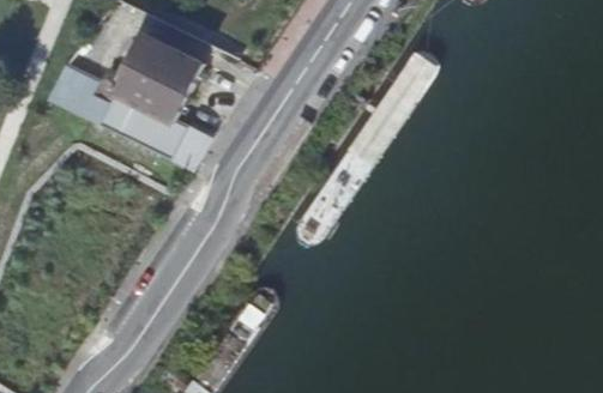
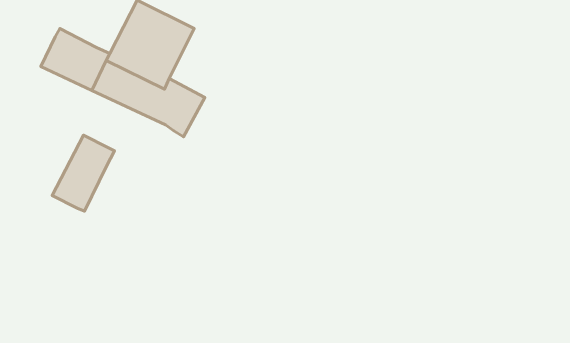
building: none -> [52,135,114,211]

